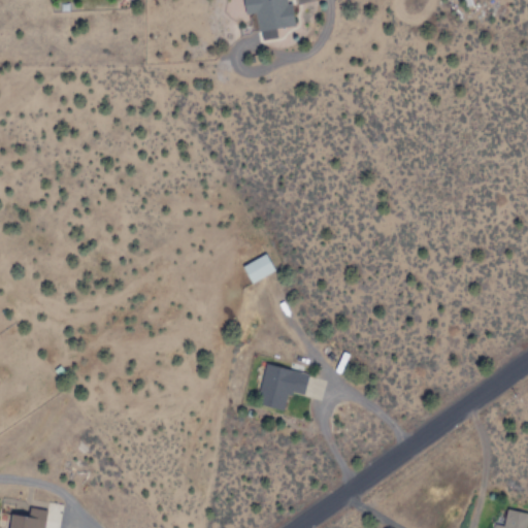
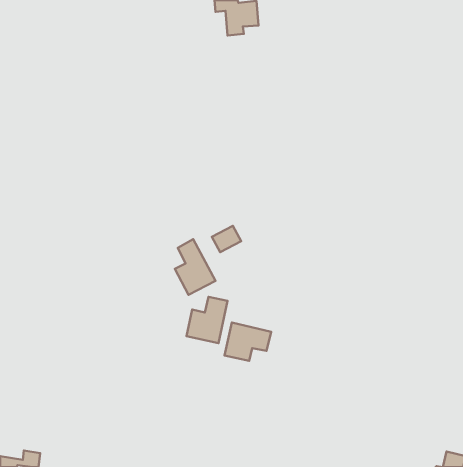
building: none -> [175,239,215,295]
building: none -> [186,297,227,343]

